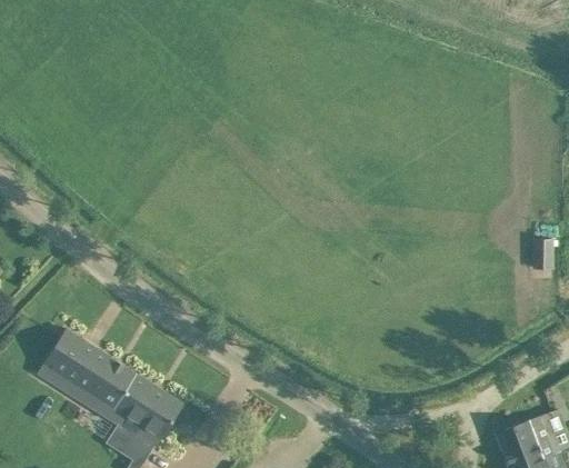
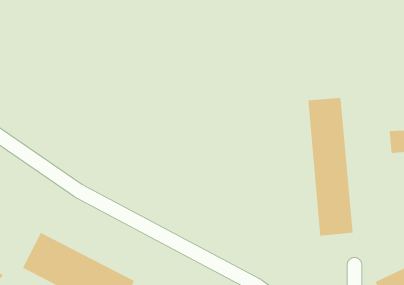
building: none -> [308,97,353,237]

